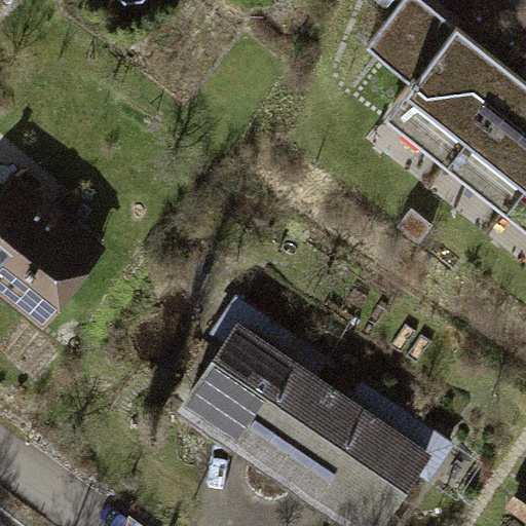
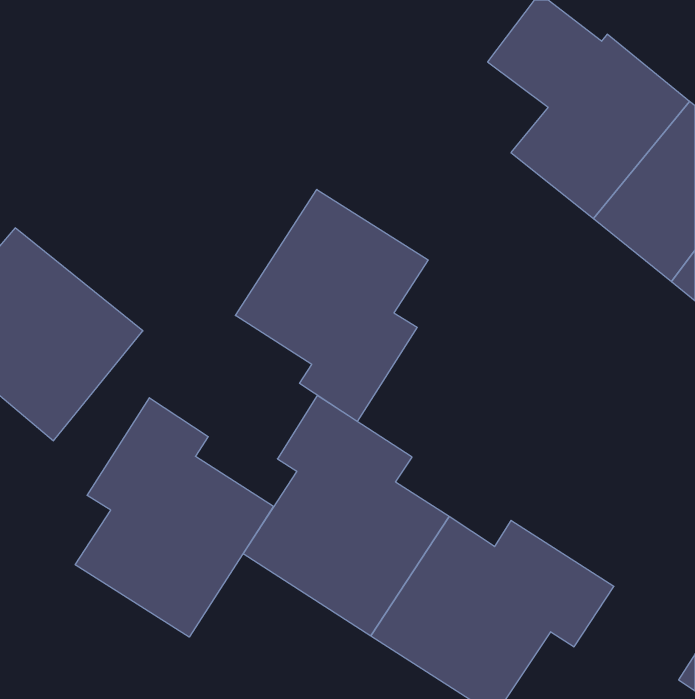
building: none -> [235,189,428,421]
building: none -> [75,398,274,637]

